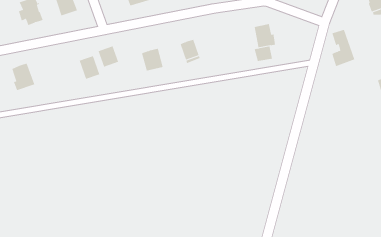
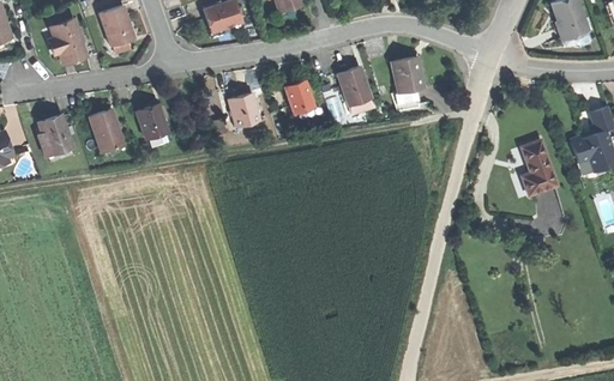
building: [331,29,355,67] -> [523,141,558,196]
building: none -> [337,66,371,107]
building: [98,46,119,67] -> none
building: none -> [89,109,124,152]

